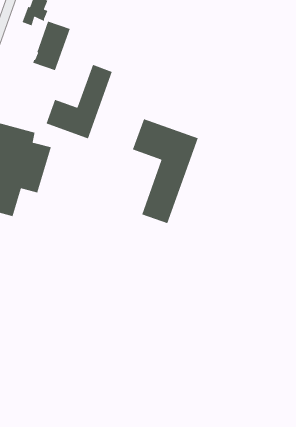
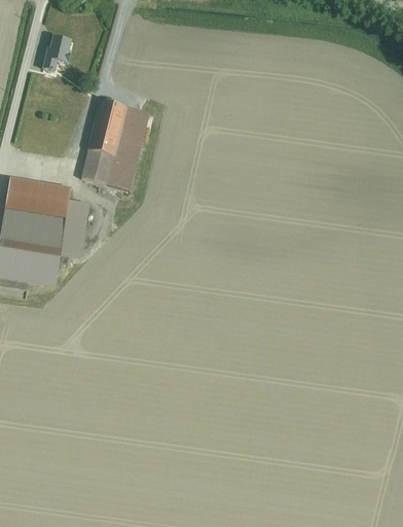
building: [32,21,71,71] -> [86,99,125,154]
building: [132,118,199,224] -> none

